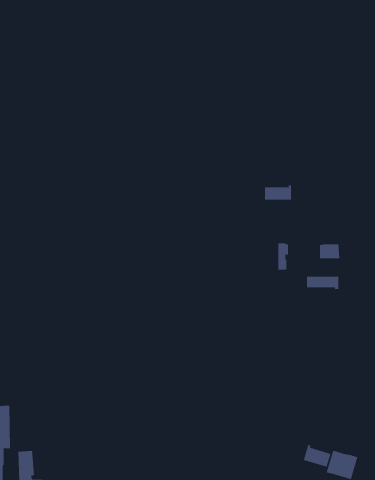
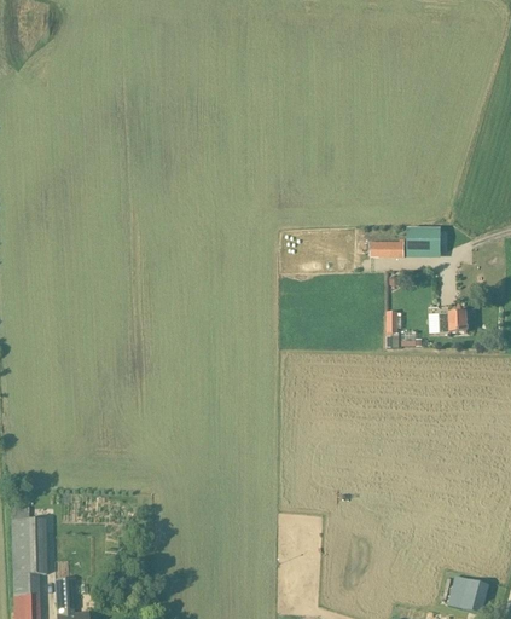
building: none -> [407,227,441,258]
building: [306,276,339,290] -> none
building: [303,444,331,468] -> none

